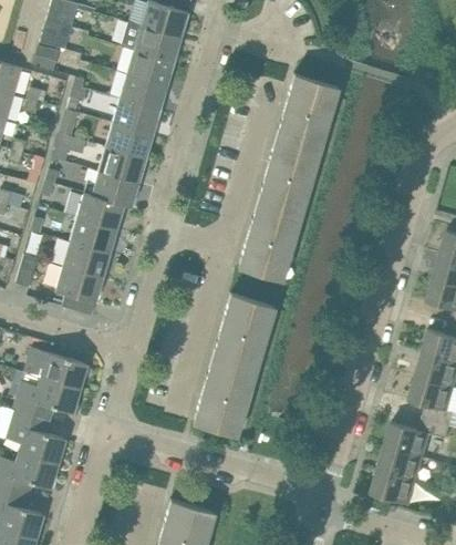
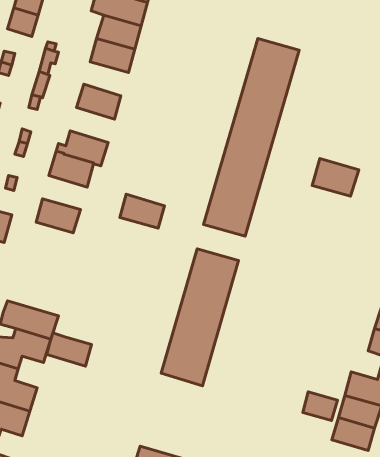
building: [113,99,159,134] -> none
building: [99,146,145,183] -> none
building: none -> [312,158,359,196]
building: [70,217,116,253] -> [120,194,164,228]
building: [55,266,102,315] -> none
building: none -> [47,333,91,366]
building: none -> [303,392,338,421]

